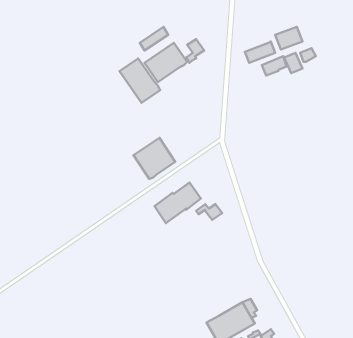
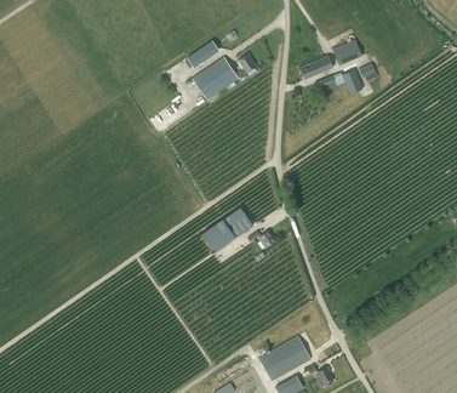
building: [119,58,160,103] -> none
building: [134,138,175,179] -> none

